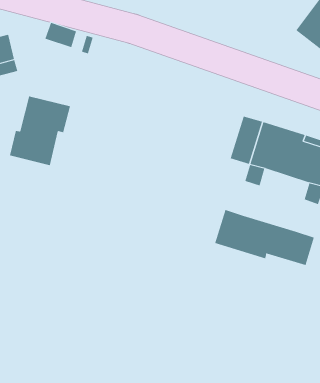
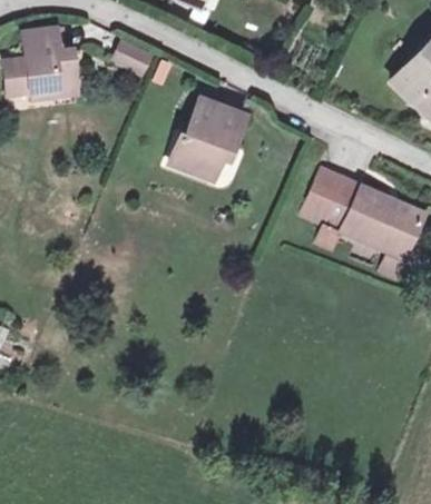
building: [9,96,71,166] -> [170,98,245,178]
building: [214,209,314,266] -> none

